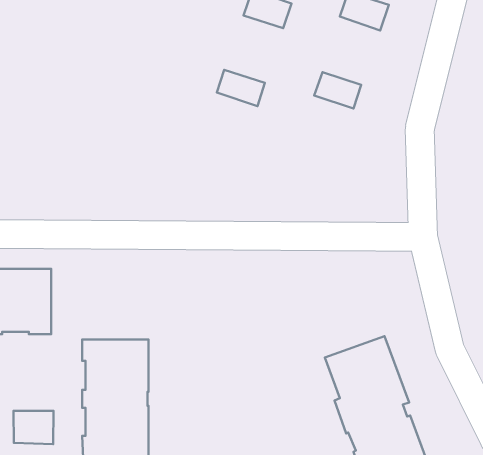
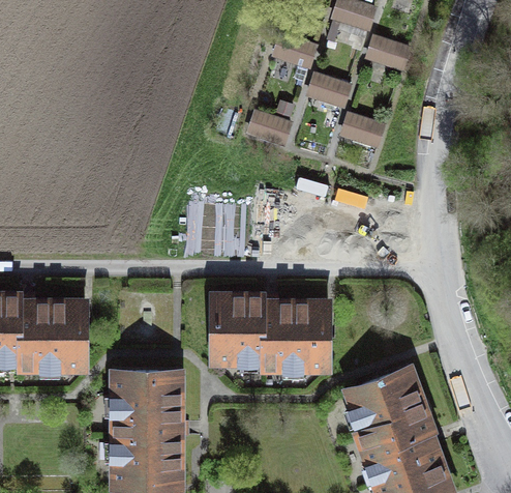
building: none -> [306,71,353,109]
building: none -> [214,295,329,367]
building: [14,411,54,444] -> none

